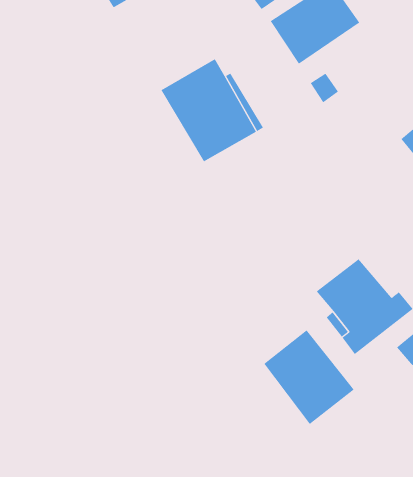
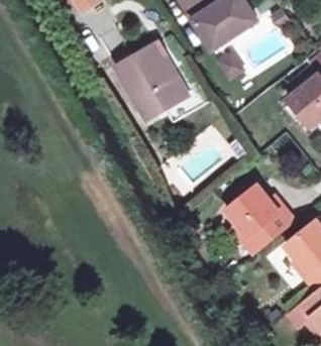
building: [264,329,354,425] -> none

